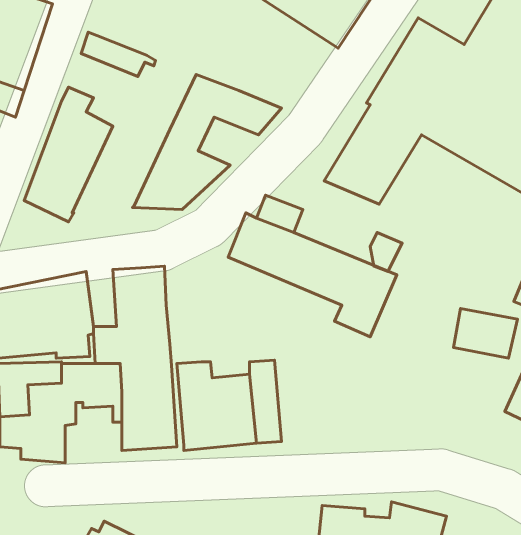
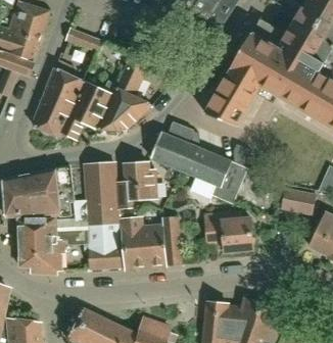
building: none -> [60,79,116,137]
building: none -> [114,160,156,206]
building: none -> [204,209,253,251]

